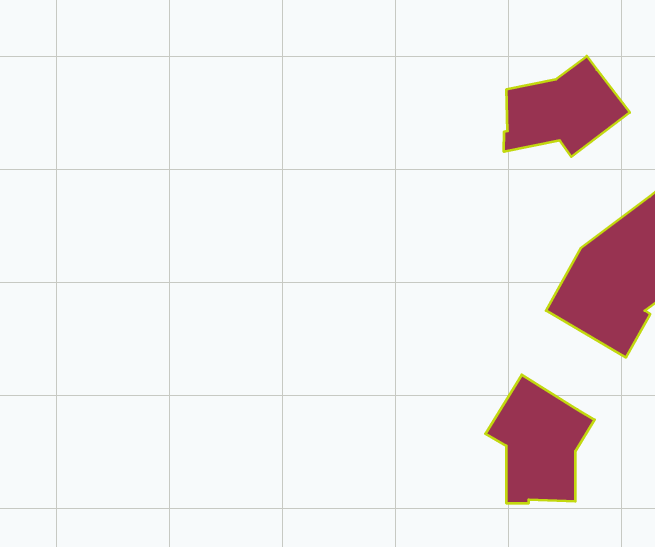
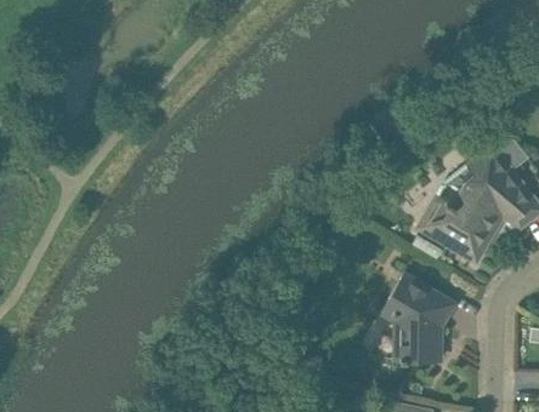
building: [504,56,630,157] -> none

